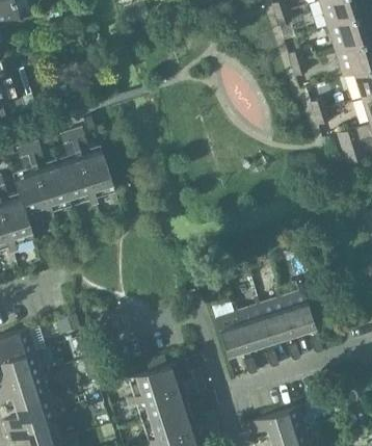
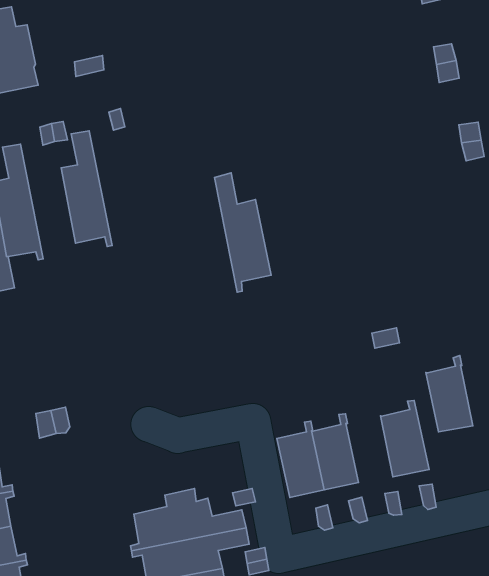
building: [70,129,113,206] -> [215,173,271,292]
building: [26,143,69,219] -> none
building: [257,291,291,342] -> [426,356,473,432]

